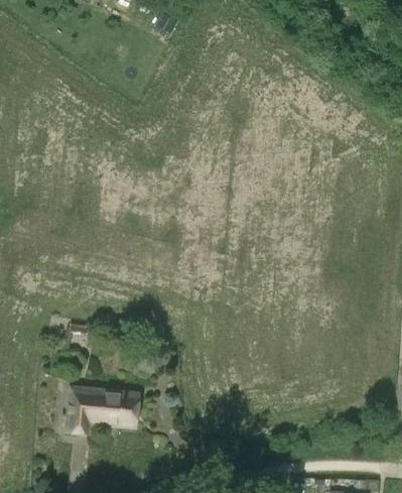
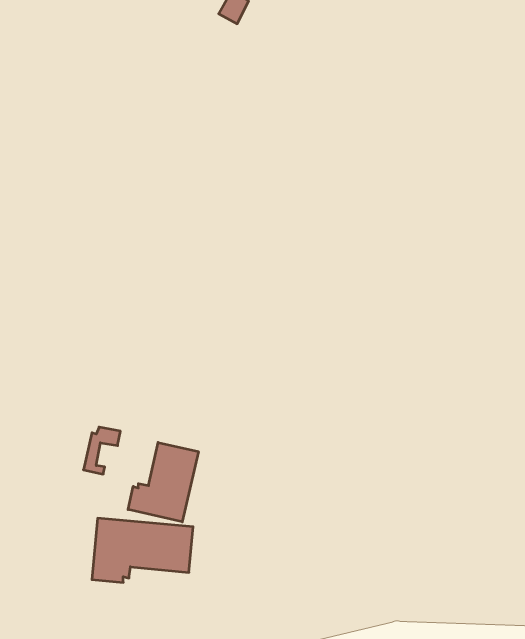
building: none -> [128,442,198,522]

